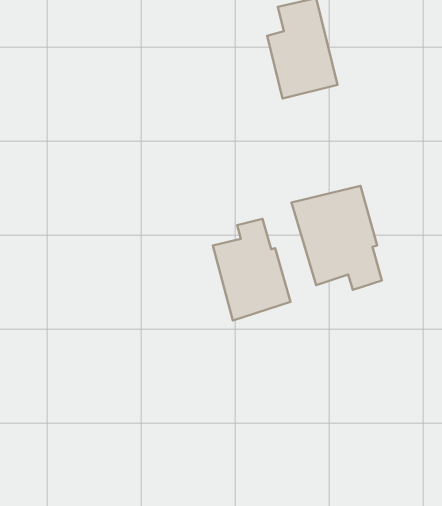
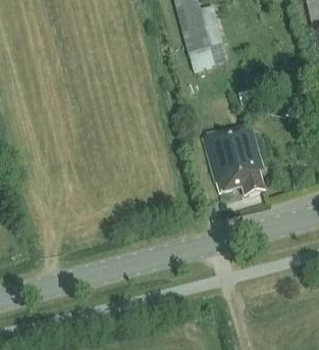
building: [213,219,290,320] -> none

